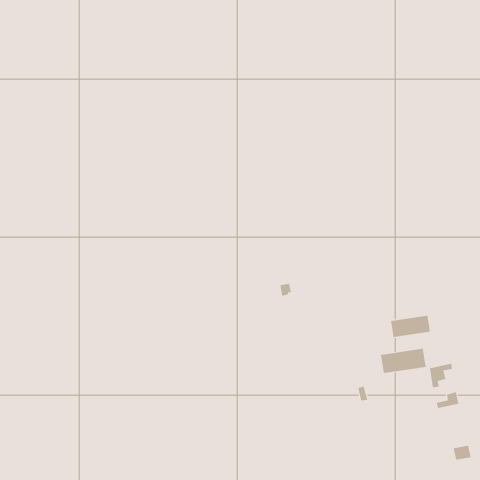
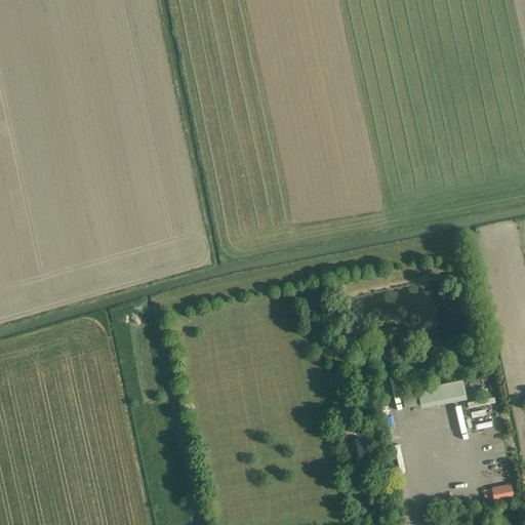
building: [391,315,431,338] -> none

